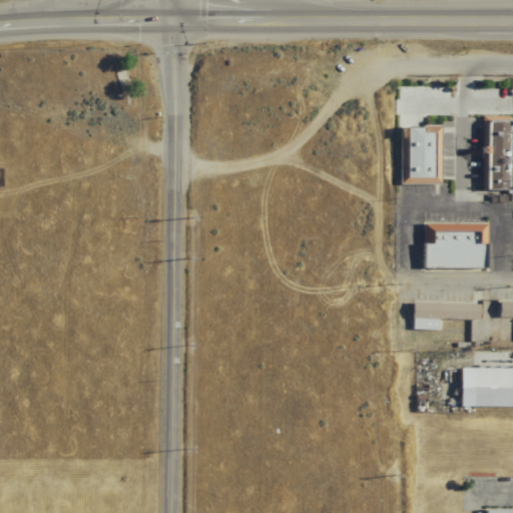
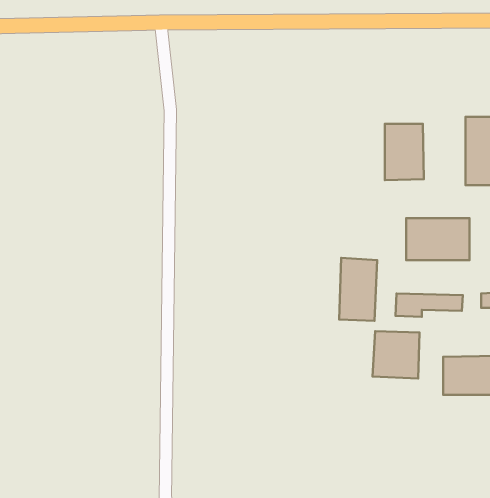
building: none -> [339,258,377,321]
building: none -> [373,331,419,379]

